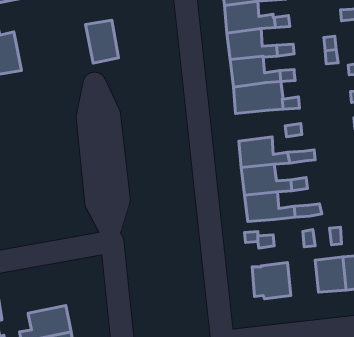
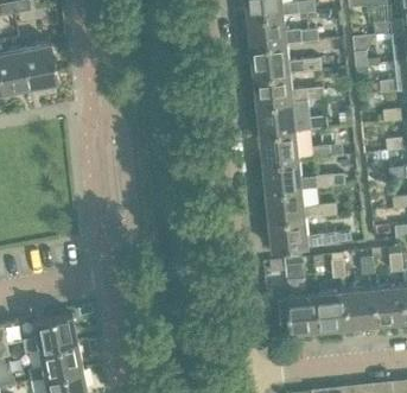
building: [85,20,119,63] -> [21,42,57,88]
building: none -> [260,131,299,164]
building: none -> [316,292,349,330]
building: none -> [23,313,77,353]

